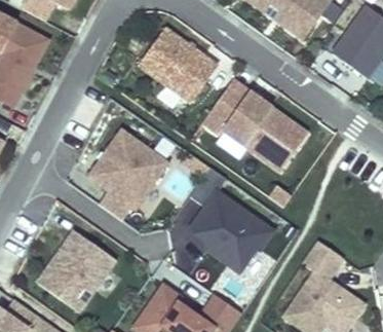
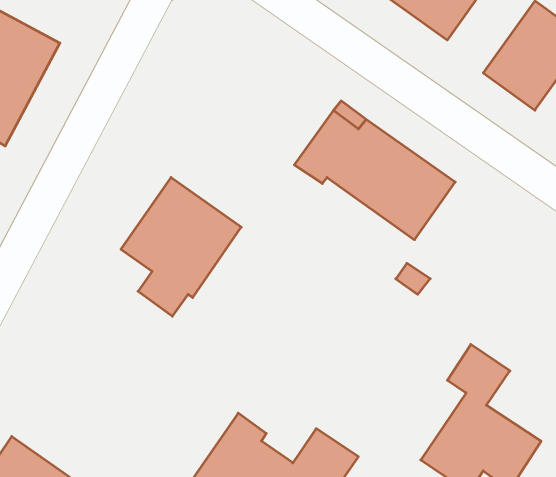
building: [136,25,222,107] -> none
building: [189,169,272,272] -> none
building: [34,223,121,312] -> none

